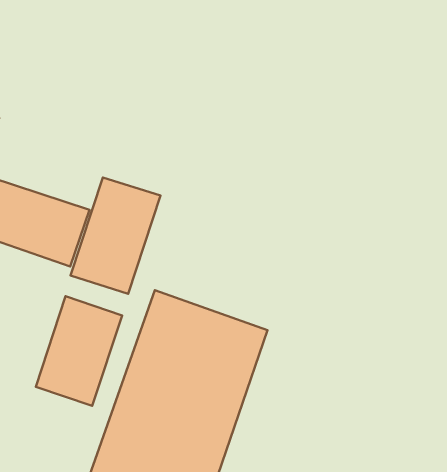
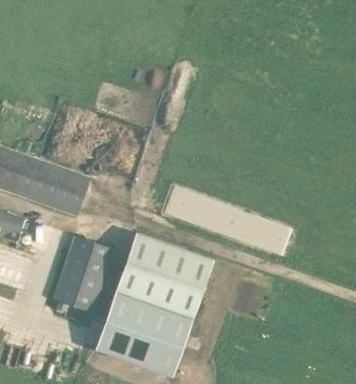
building: [71,177,161,294] -> none

